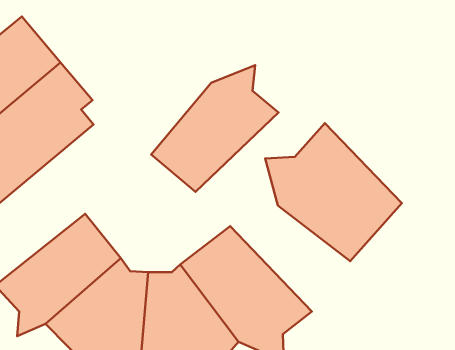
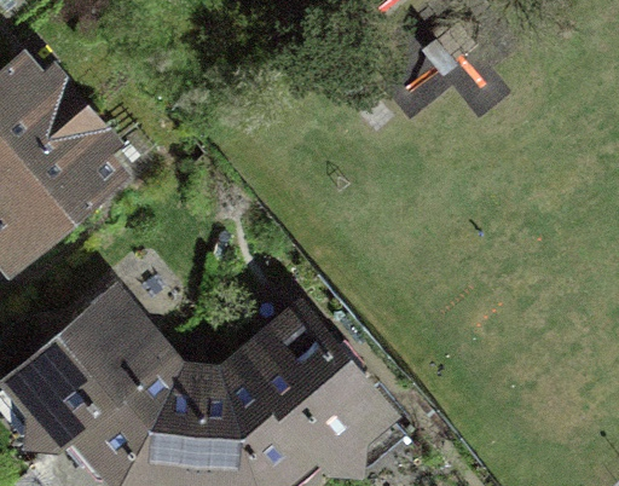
building: [151,65,279,192] -> none
building: [265,123,402,261] -> none

